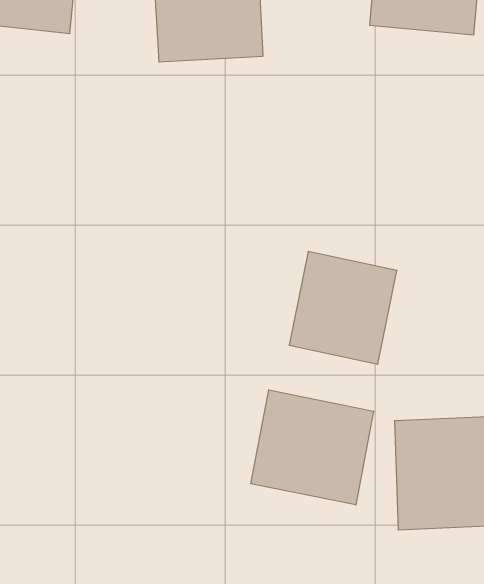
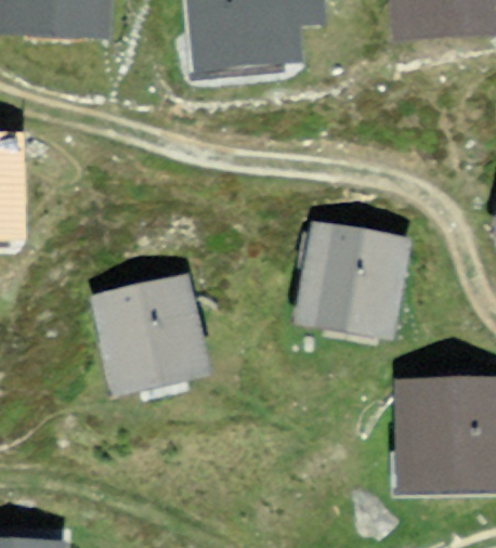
building: none -> [91,277,201,382]
building: [251,390,374,505] -> none

